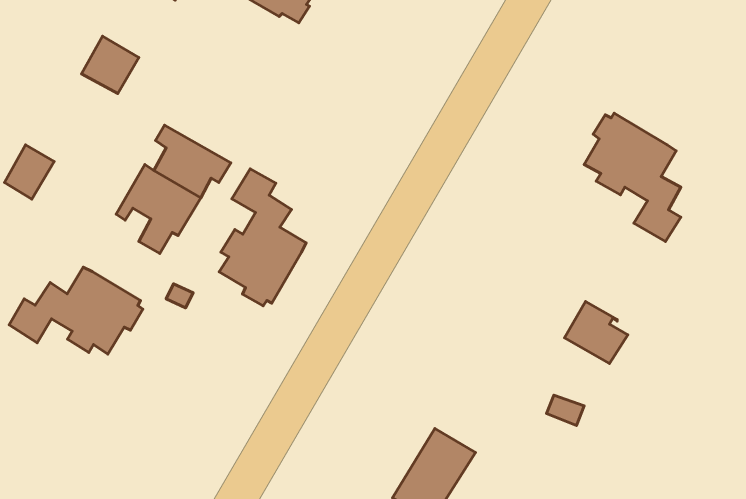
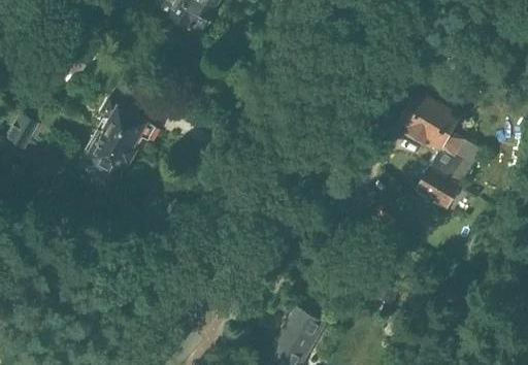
building: [219,169,306,306] -> none
building: [9,267,143,354] -> none
building: [564,301,628,363] -> [419,168,462,210]

